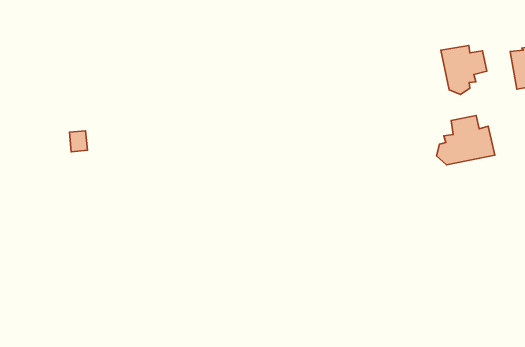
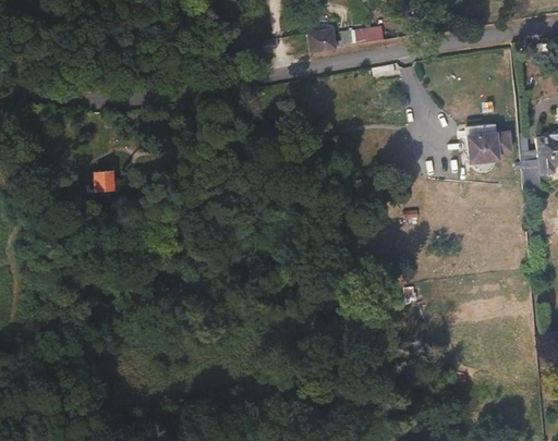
building: [437,116,495,165] -> none

